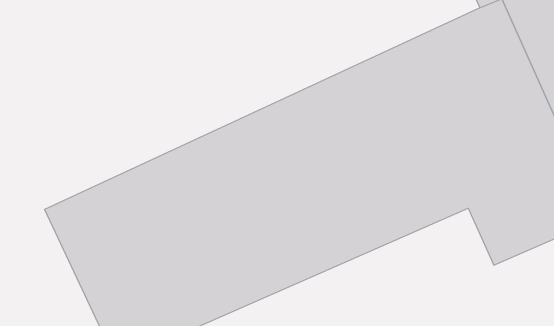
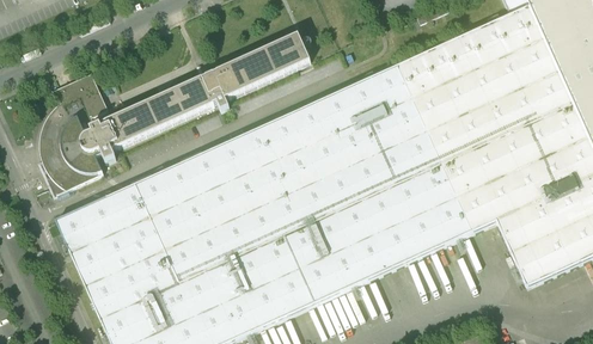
building: none -> [41,27,316,192]

